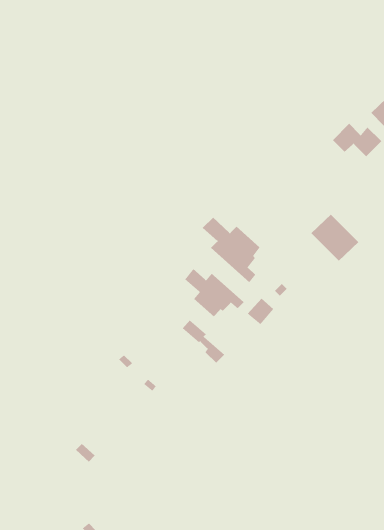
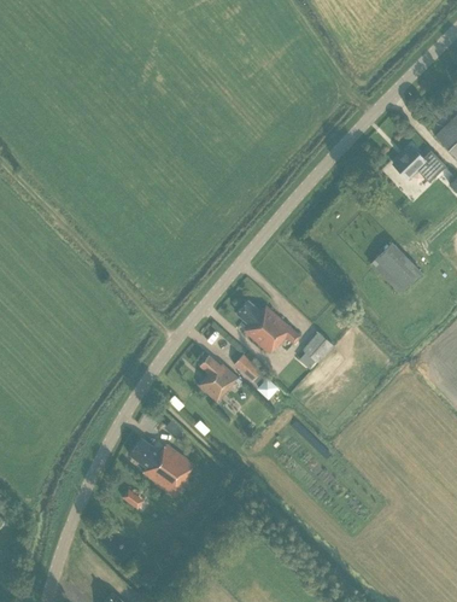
building: [202,217,261,283] -> none
building: none -> [197,355,240,402]
building: none -> [128,438,193,495]

